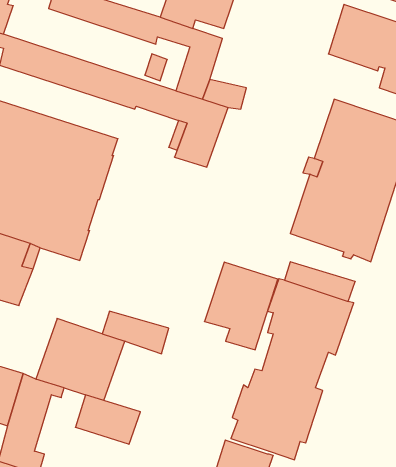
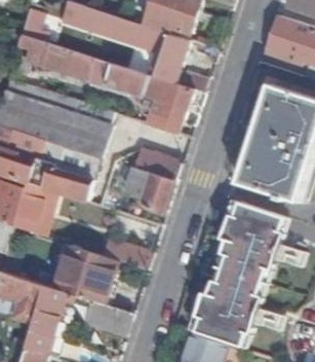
building: [204,262,278,350] -> [124,148,178,212]

